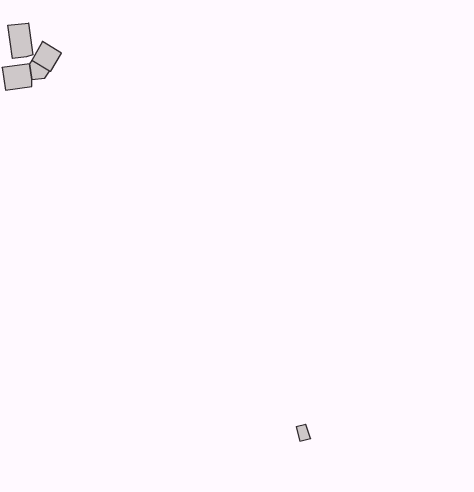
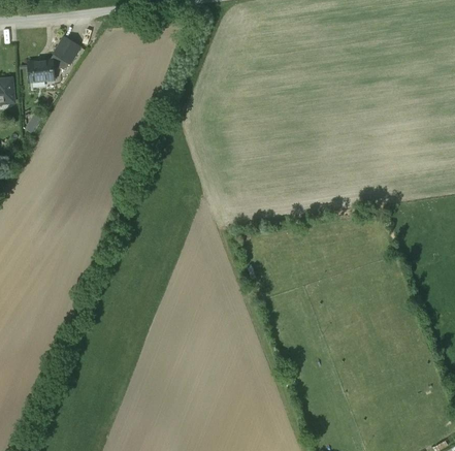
building: [8,23,33,58] -> none

